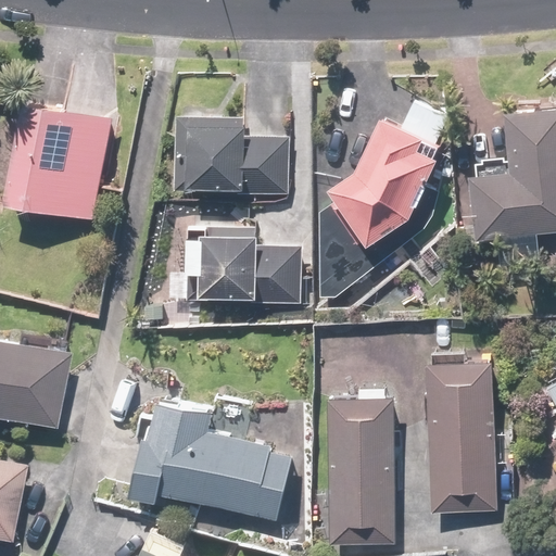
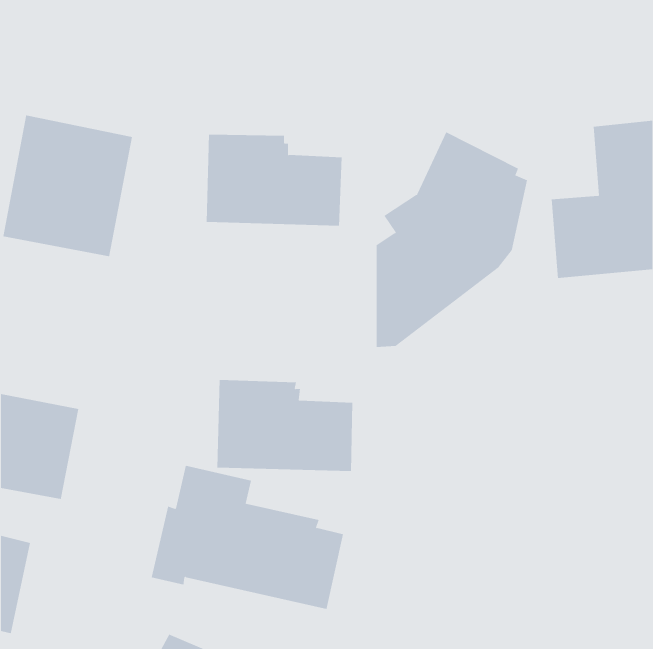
building: [187,227,303,305] -> [216,380,353,472]
building: [426,356,497,511] -> none
building: [327,393,396,545] -> none

